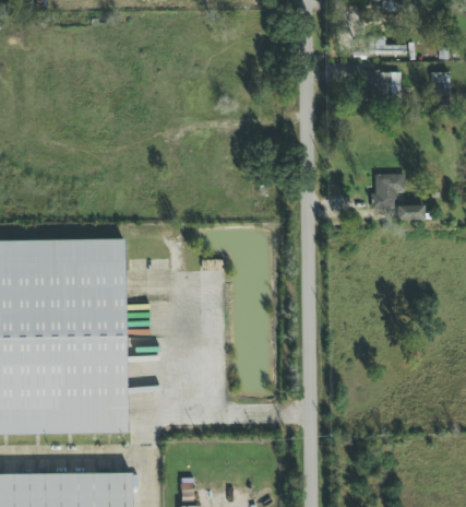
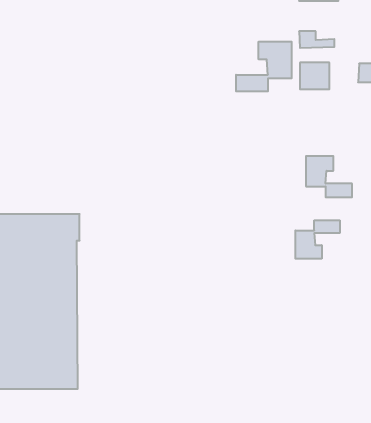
building: none -> [236,42,292,91]
building: none -> [295,220,340,259]

